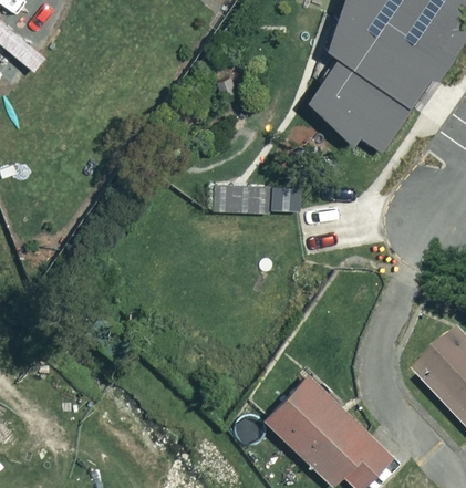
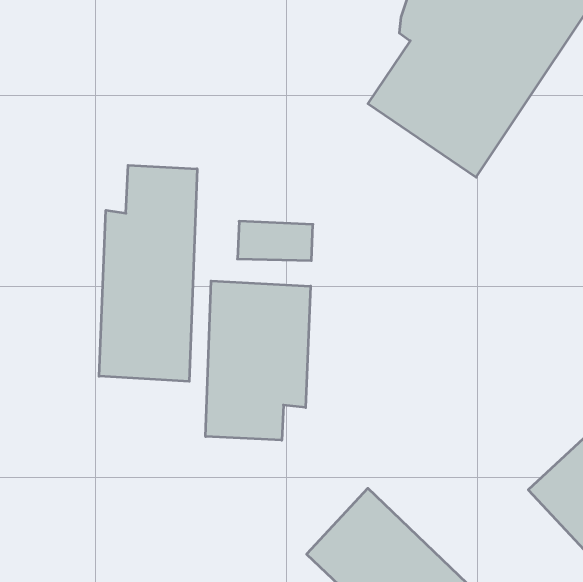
building: none -> [99,165,197,381]
building: none -> [206,281,311,440]

